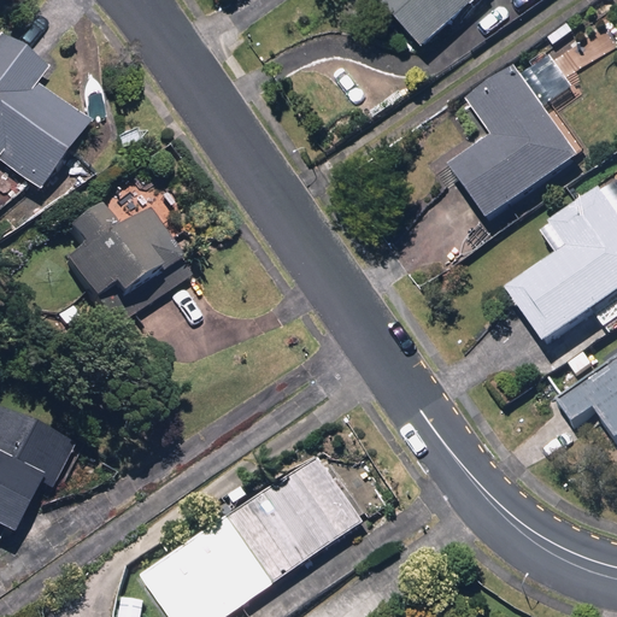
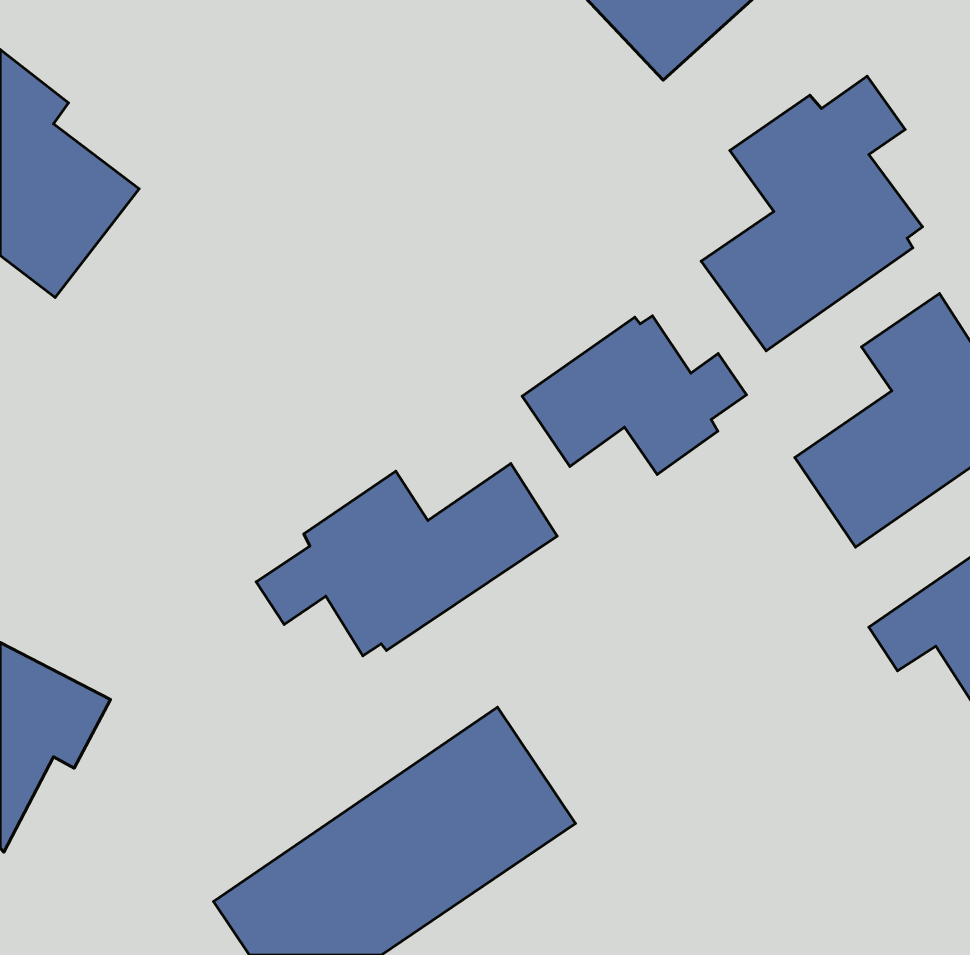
building: none -> [522,316,747,475]
building: [63,202,192,324] -> none
building: none -> [256,464,557,656]

